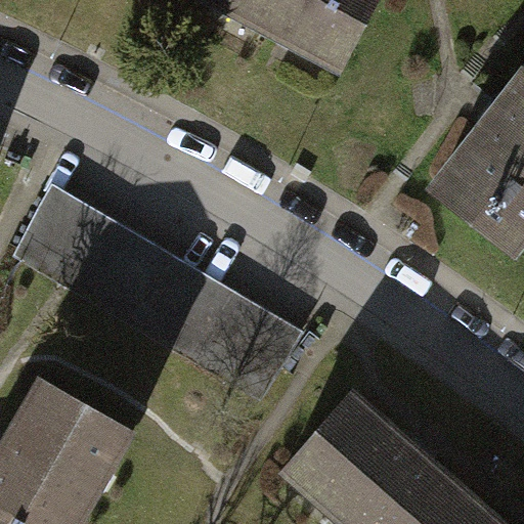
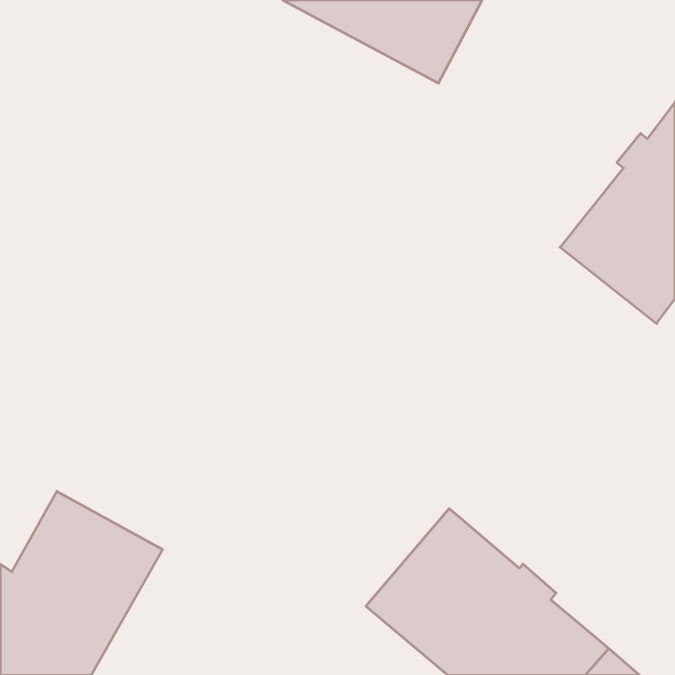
building: [18,200,285,393] -> none

